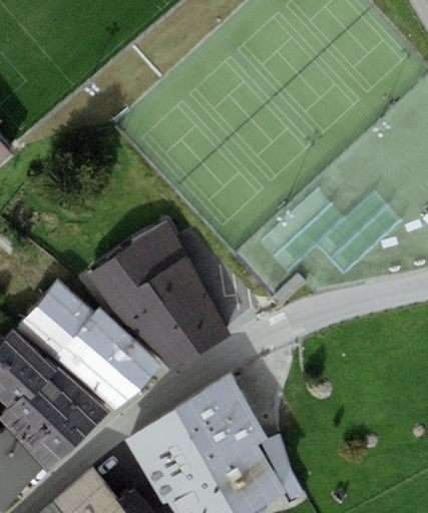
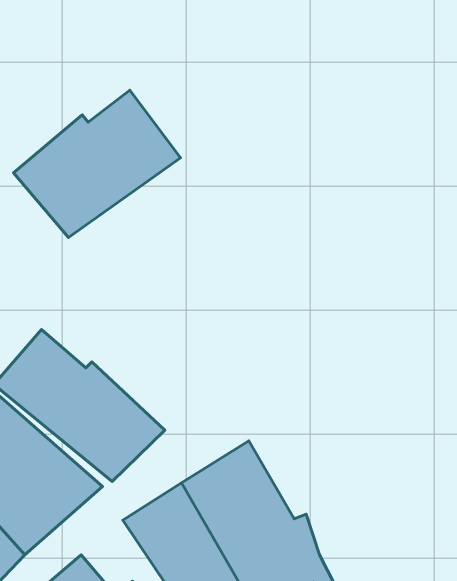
building: none -> [14,90,180,237]
building: [86,220,230,369] -> none

